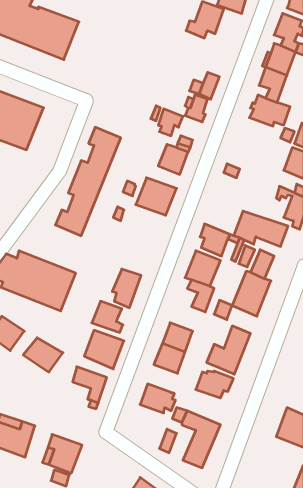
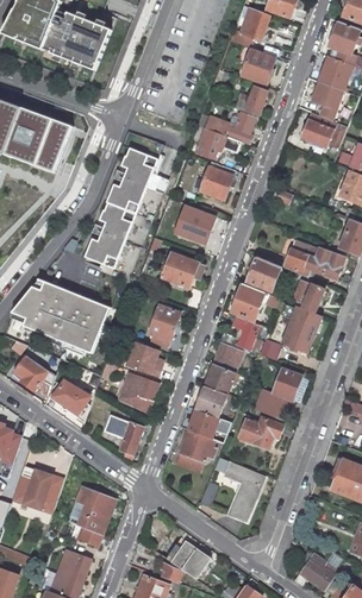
building: none -> [241,48,279,86]
building: none -> [161,252,204,287]
building: none -> [212,342,244,373]
building: none -> [187,410,221,441]

